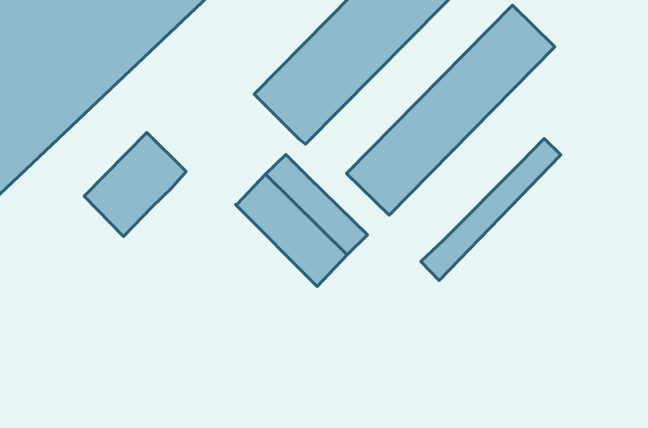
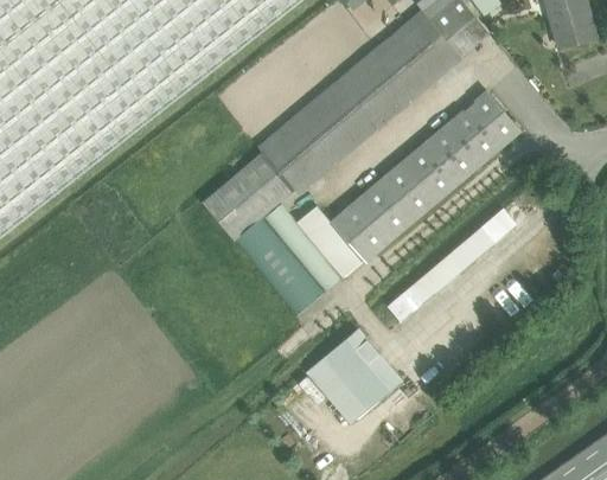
building: [84,133,186,237] -> [204,152,294,239]
building: none -> [299,206,363,276]
building: none -> [307,327,403,423]

